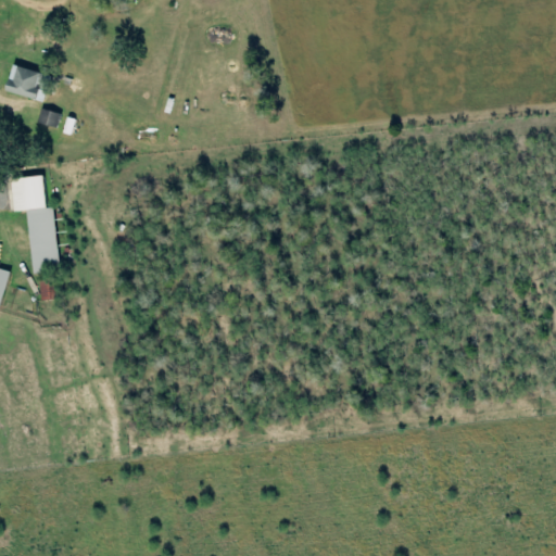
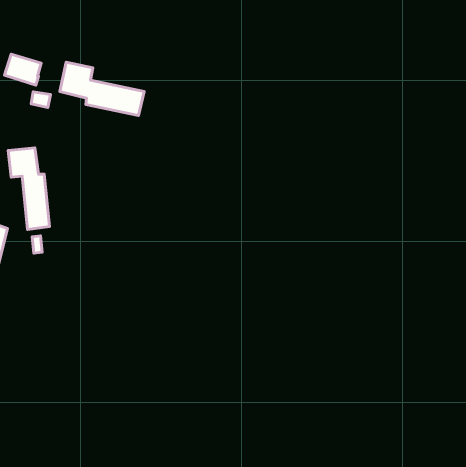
building: none -> [60,62,144,116]

